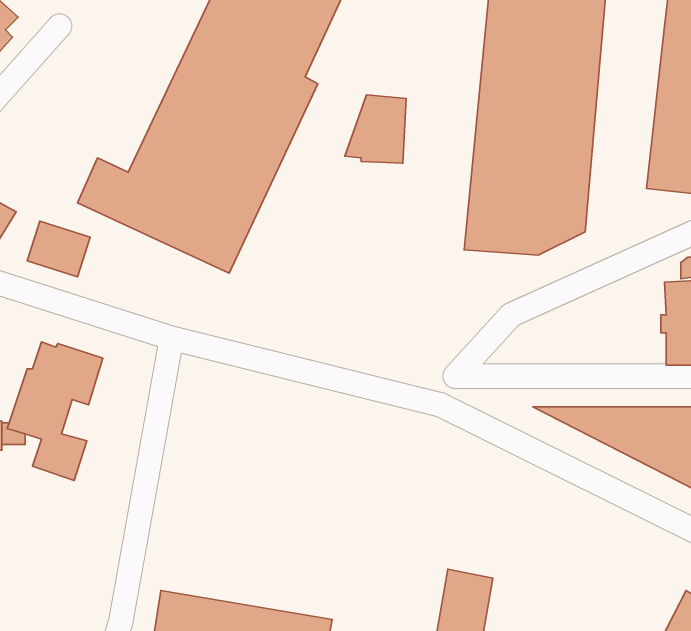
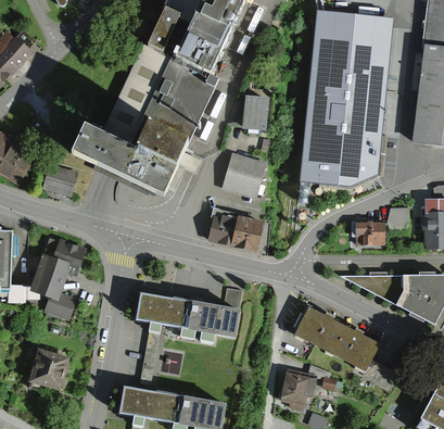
building: none -> [221,152,265,198]
building: none -> [206,206,265,253]
building: none -> [351,207,409,247]
building: none -> [136,292,239,337]
building: none -> [300,312,380,370]
building: none -> [29,348,69,389]

